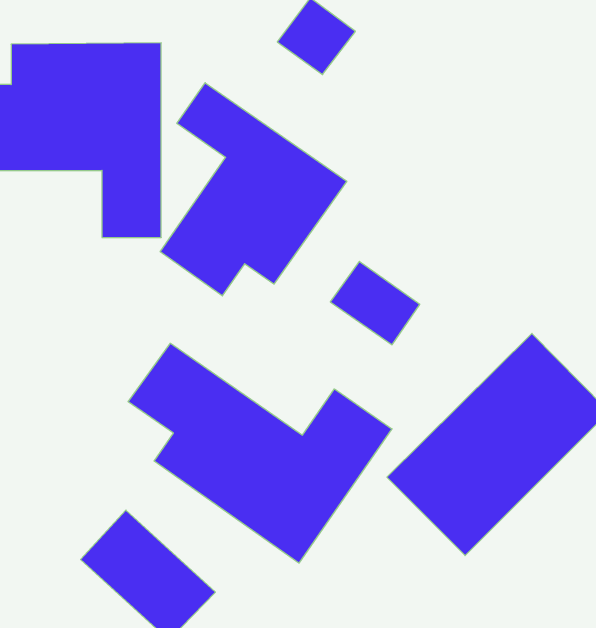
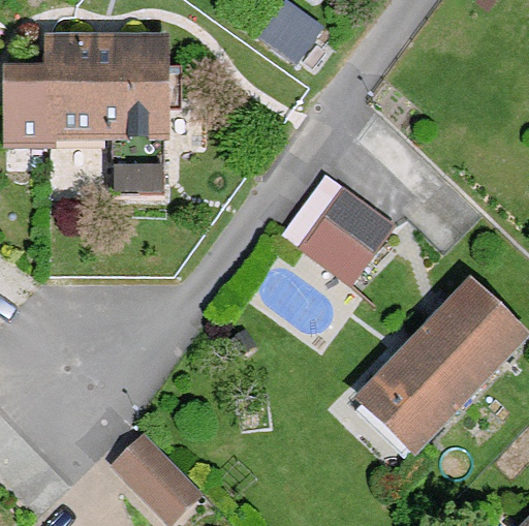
building: [160,83,347,296] -> none
building: [128,343,392,563] -> none

